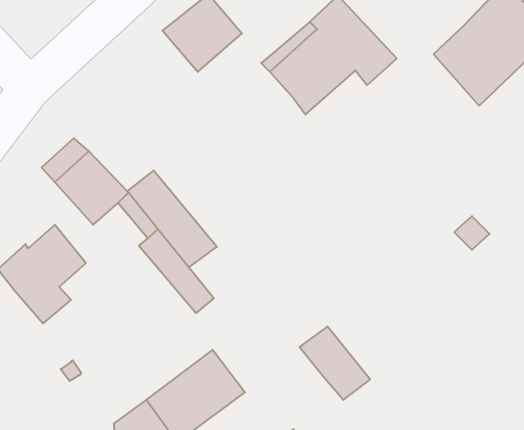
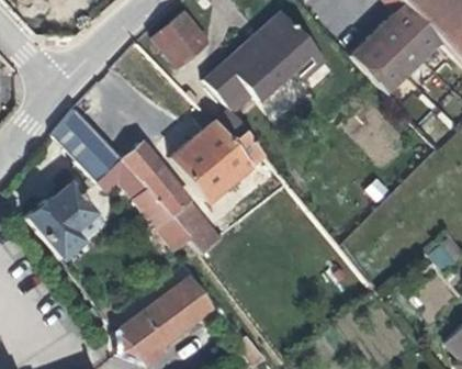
building: none -> [204,62,248,105]
building: none -> [172,110,266,200]
building: [299,326,370,400] -> [170,199,223,254]

